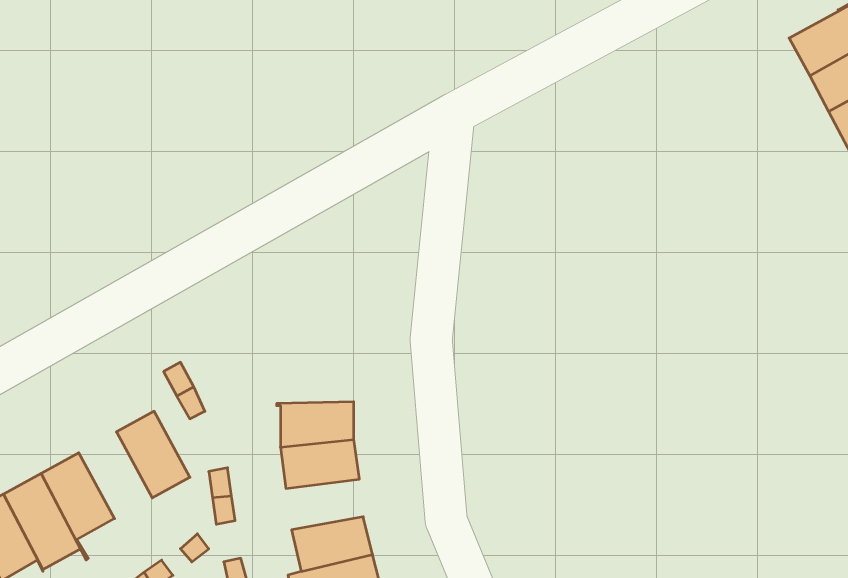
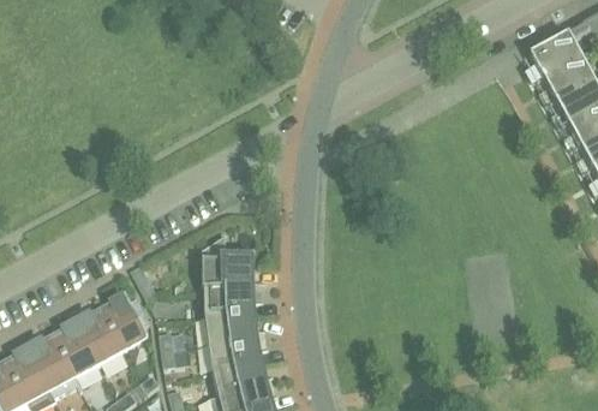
building: none -> [203,236,253,290]
building: none -> [78,308,125,363]
building: none -> [210,338,259,370]

